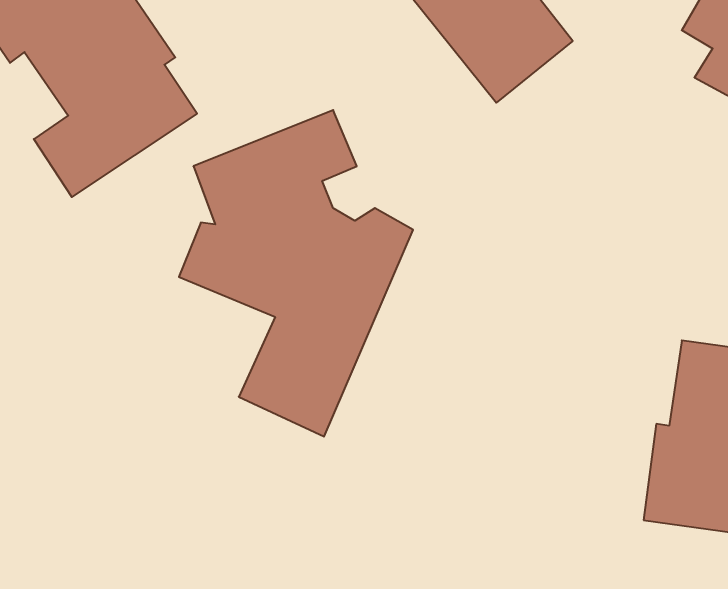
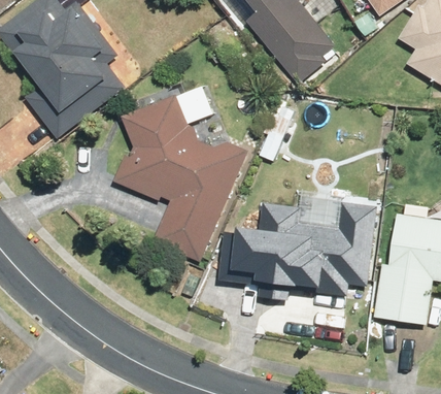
building: none -> [240,202,377,298]

